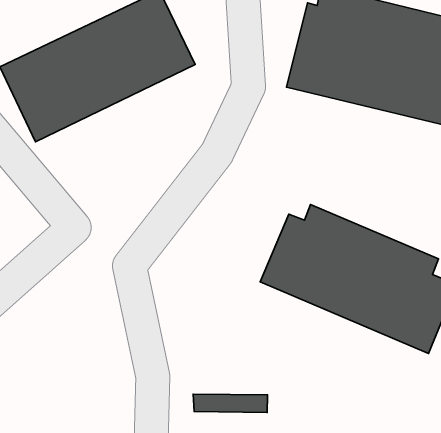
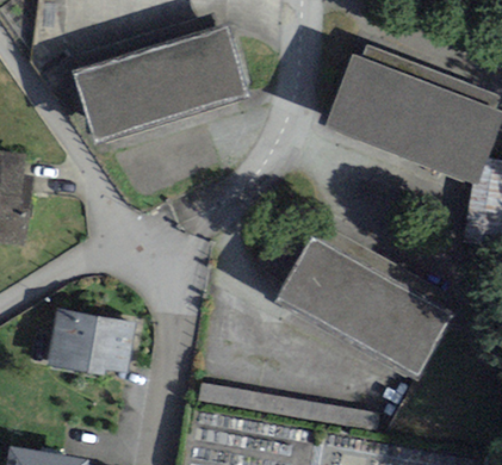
building: none -> [47,309,135,376]

